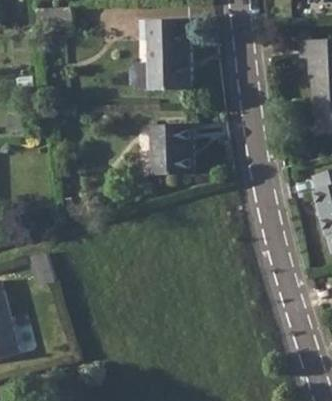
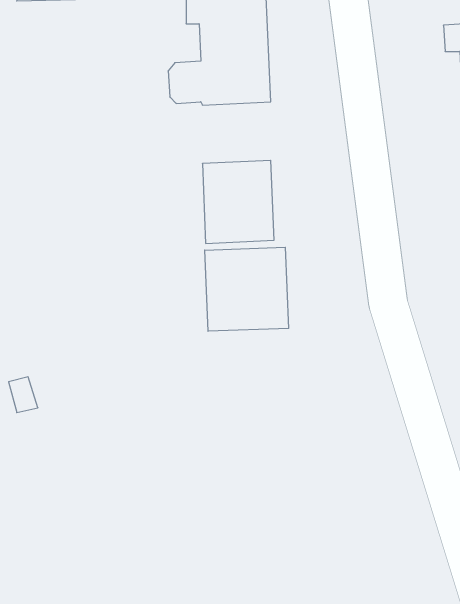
building: none -> [205,247,289,331]

